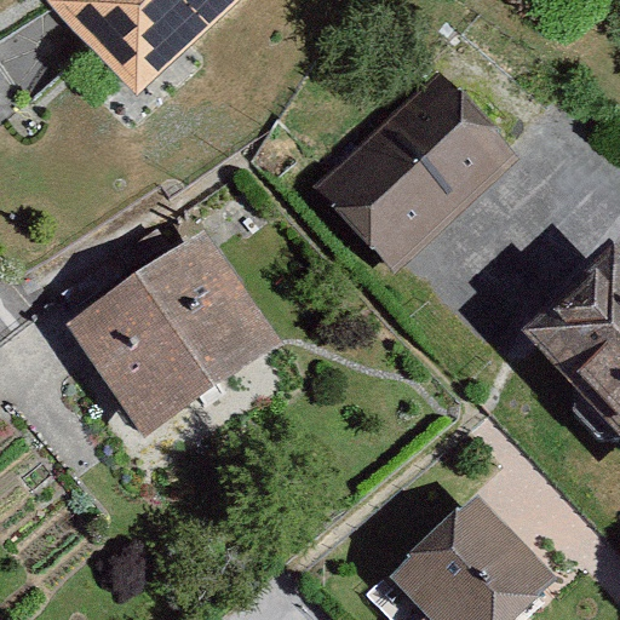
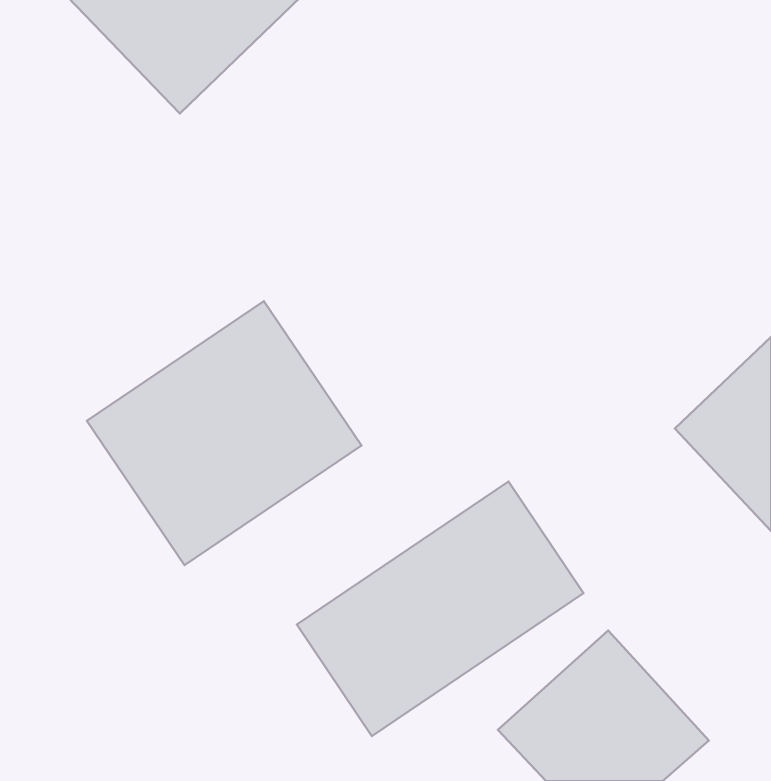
building: [311,71,516,270] -> none
building: none -> [297,481,583,736]

